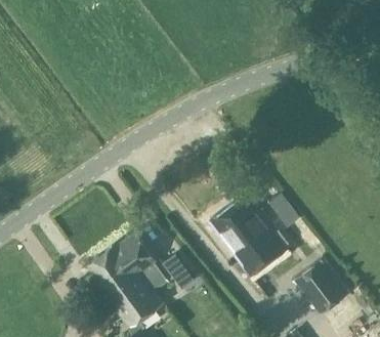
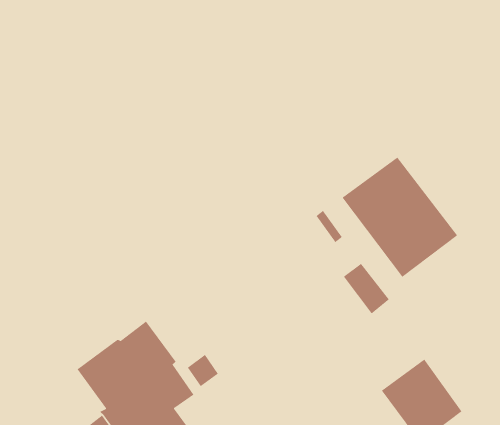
building: [210,195,289,277] -> [342,157,458,278]

